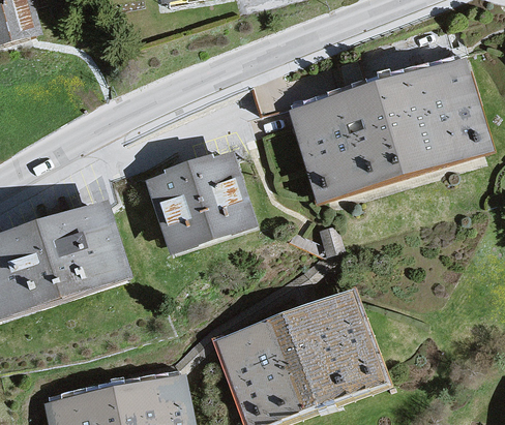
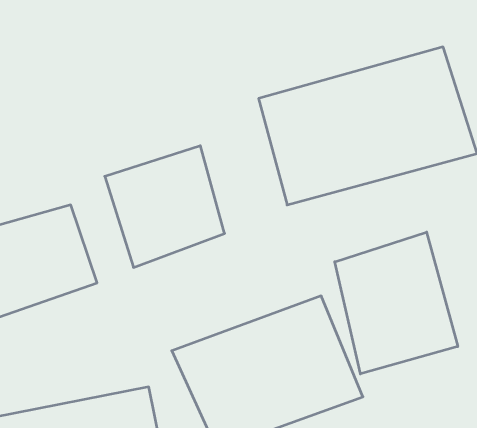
building: none -> [335,232,458,374]

